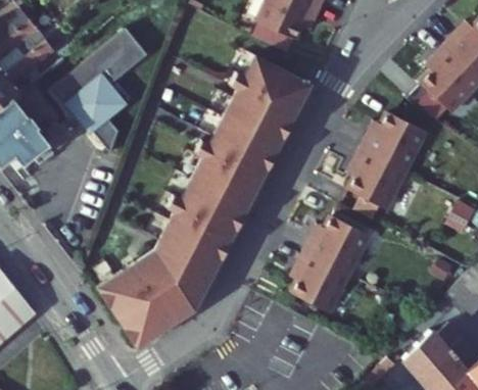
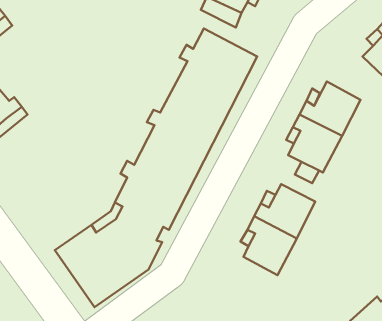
building: [48,31,146,155] -> none

